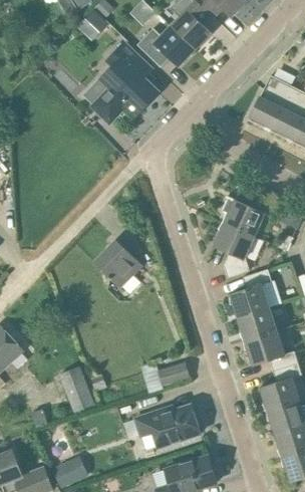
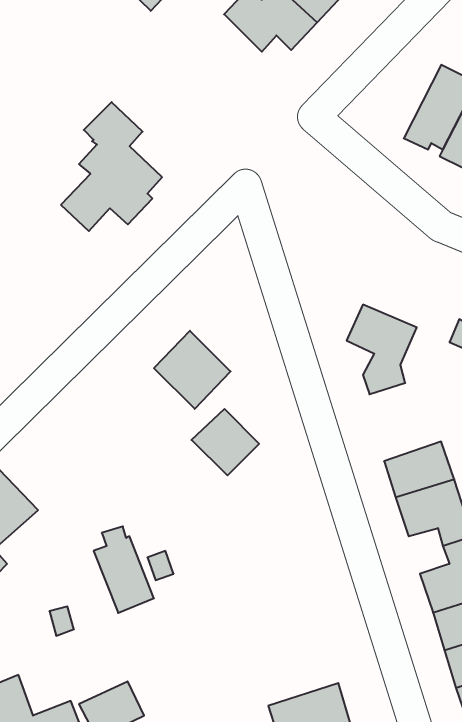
building: [93,43,156,122] -> [61,102,162,231]
building: [223,197,268,237] -> none
building: [229,269,272,319] -> none
building: none -> [191,409,259,475]
building: [158,361,191,388] -> none
building: [136,406,202,448] -> none

